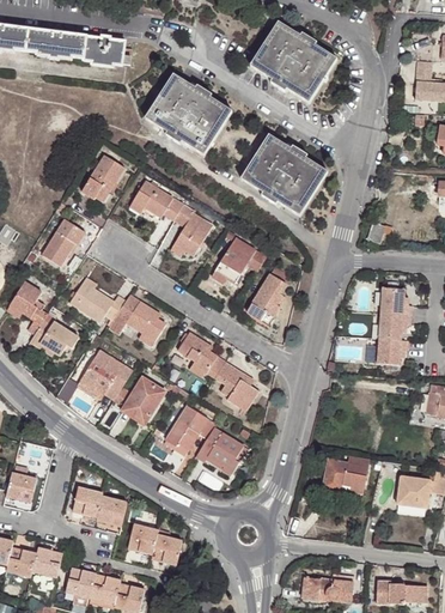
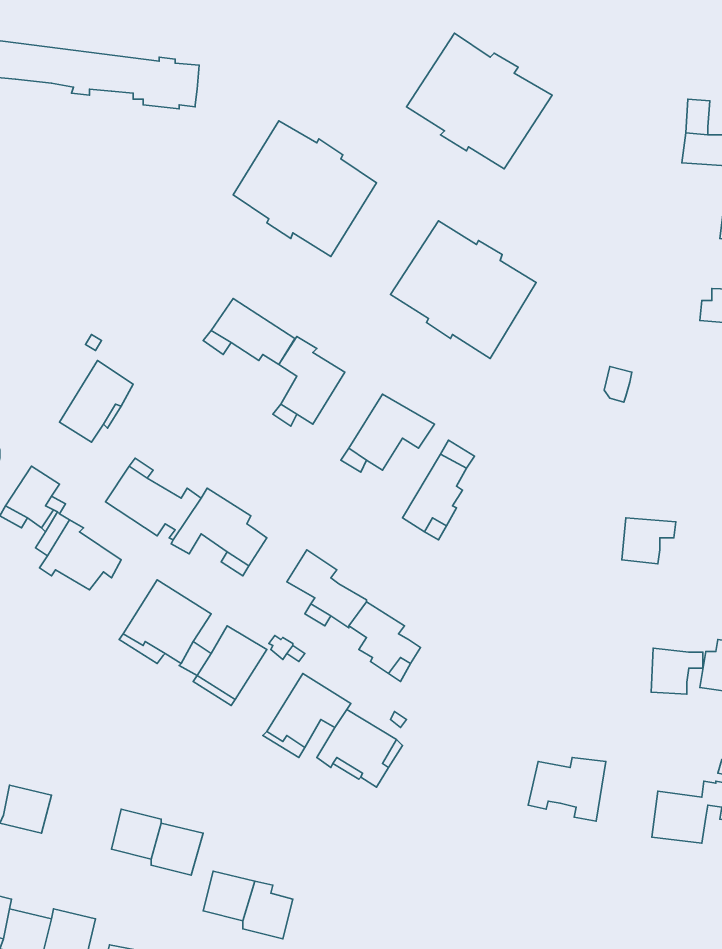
building: [80,154,124,202] -> none
building: [380,287,410,315] -> none
building: [377,338,408,365] -> [651,648,703,694]

